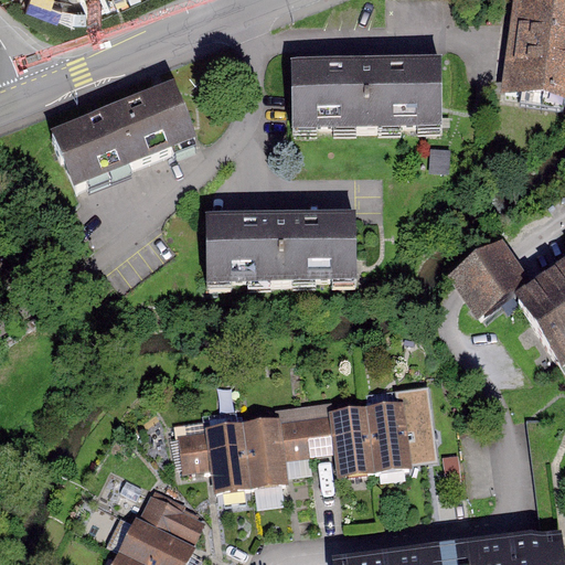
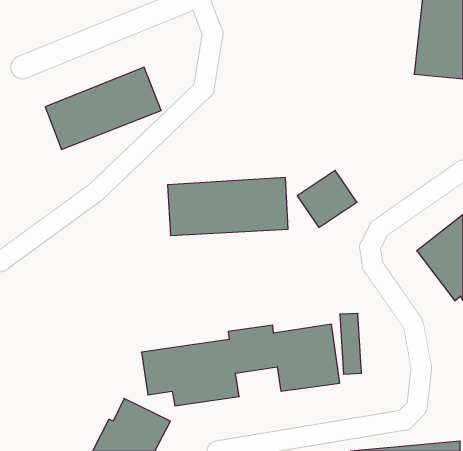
building: [294,63,445,119] -> none
building: [455,238,527,308] -> [297,170,357,227]

